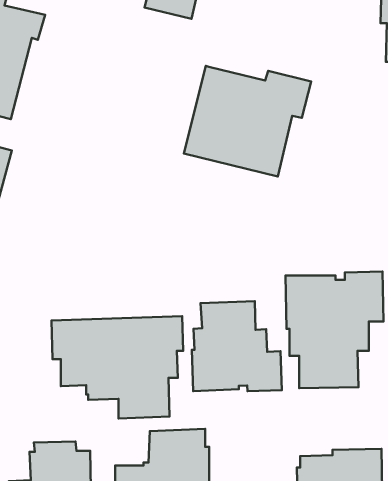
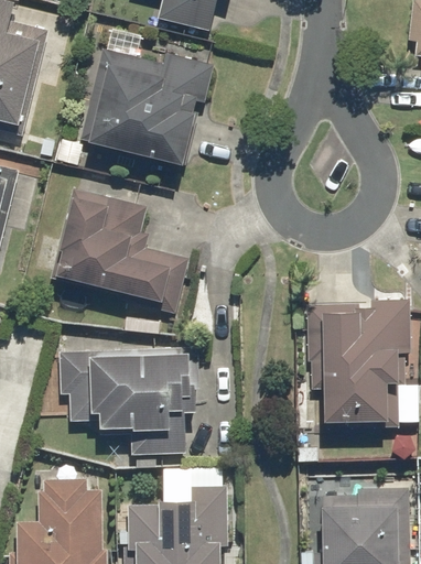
building: [184,66,311,176] -> [80,51,215,167]
building: none -> [51,189,190,314]
building: [192,301,282,391] -> none

